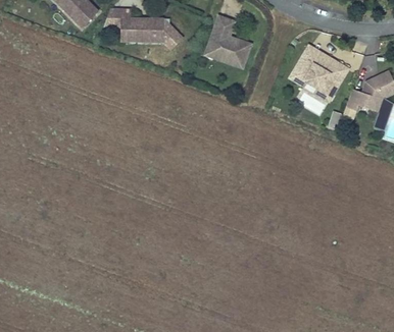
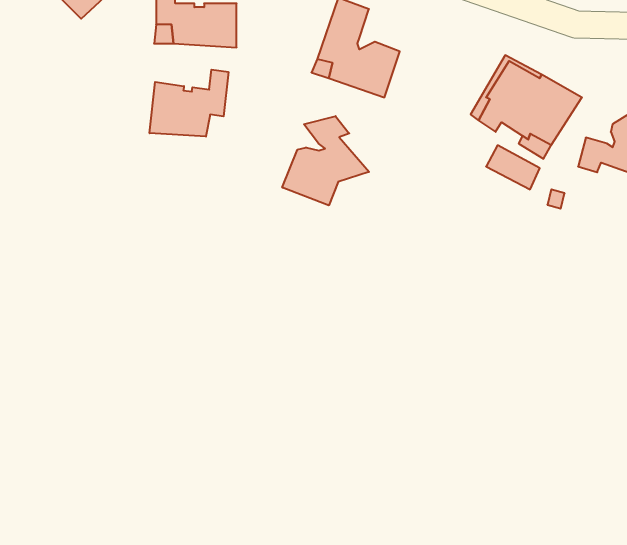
building: none -> [150,70,228,137]
building: none -> [282,116,369,205]

